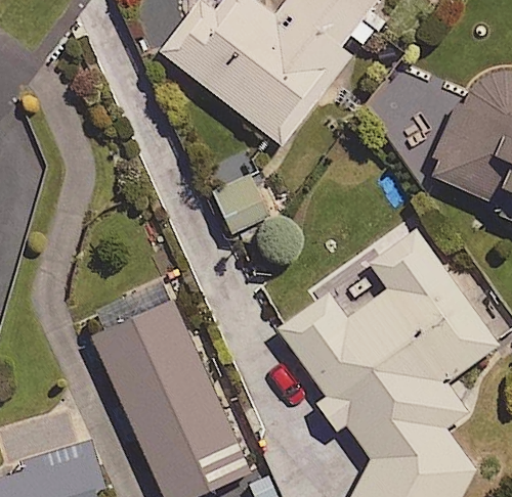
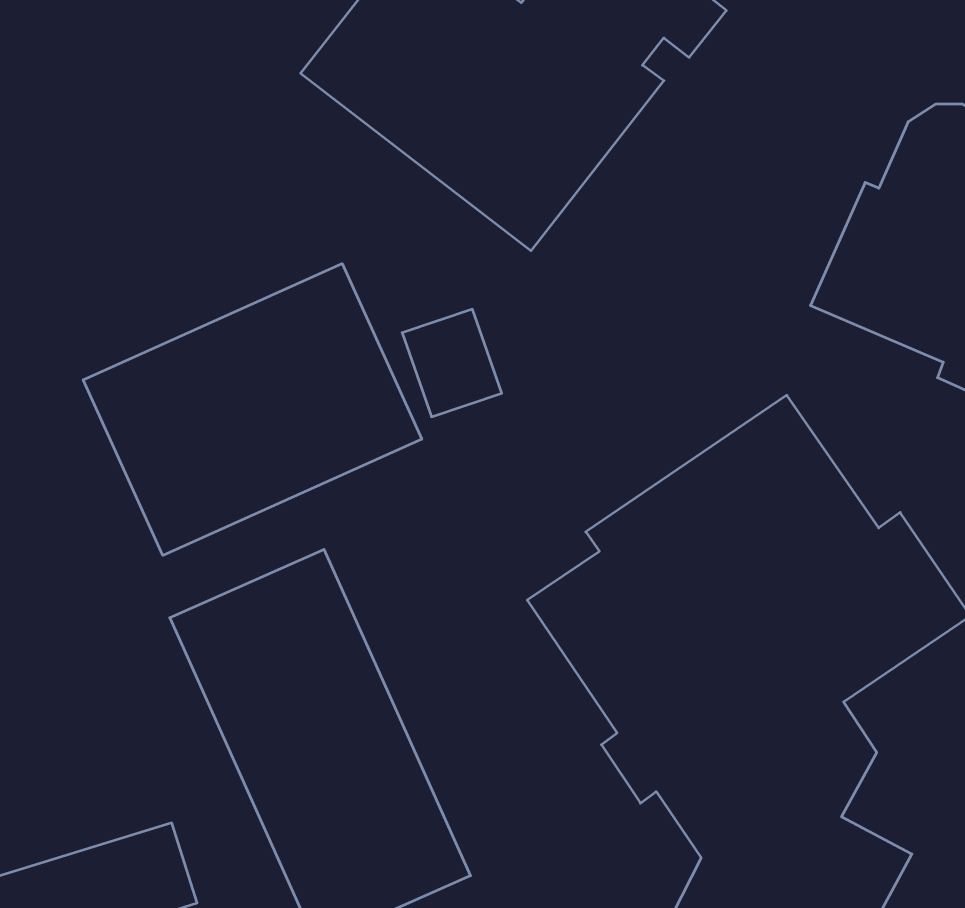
building: none -> [83,264,422,555]

